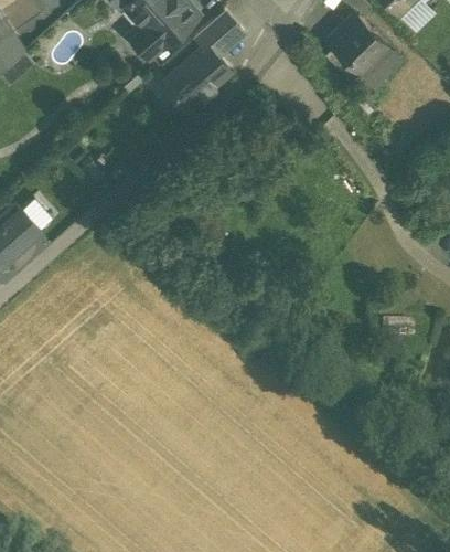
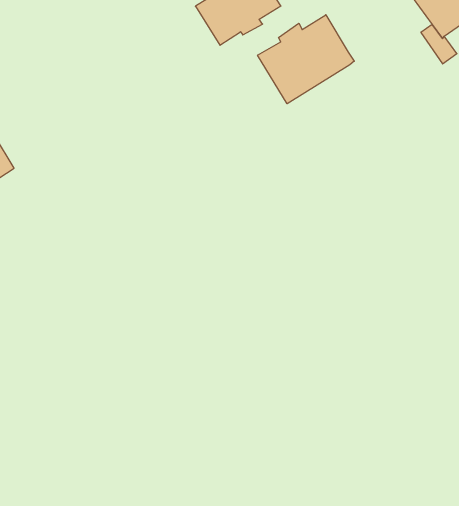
building: none -> [258,15,354,104]

